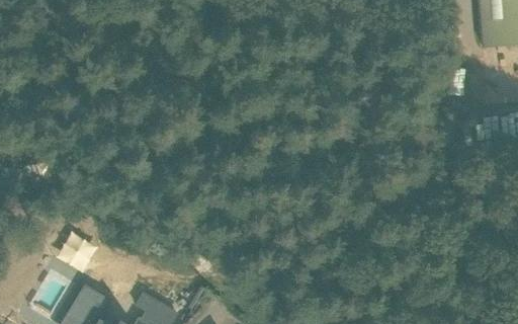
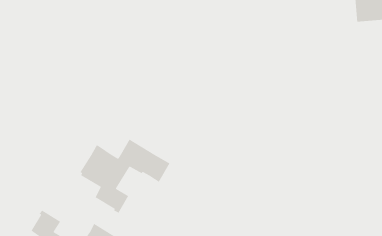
building: none -> [78,138,171,214]

